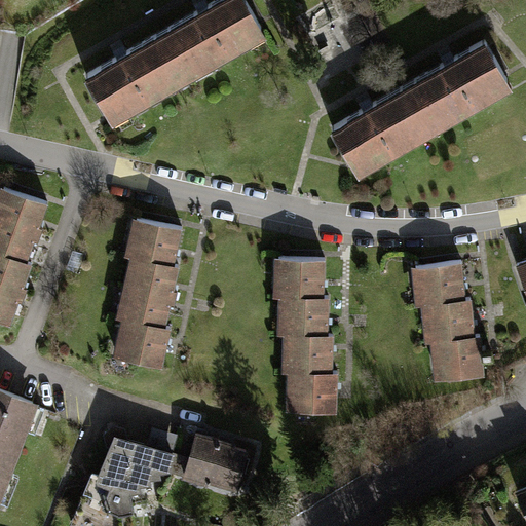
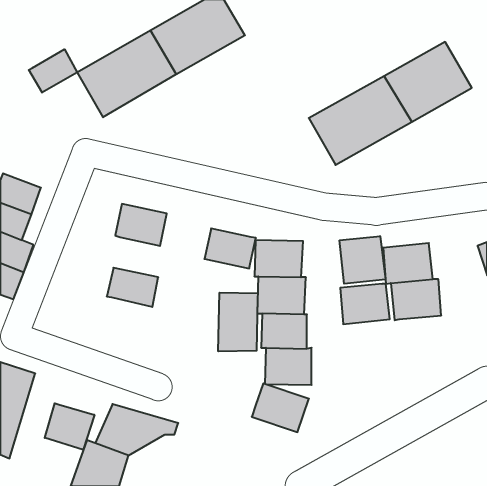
building: none -> [29,49,77,93]
building: none -> [340,236,386,284]
building: [122,256,178,299] -> [204,228,256,268]
building: none -> [218,293,258,351]
building: [113,321,168,365] -> none
building: [430,340,484,383] -> [340,284,390,324]
building: [188,433,250,485] -> [252,383,309,432]
building: none -> [45,403,94,450]

